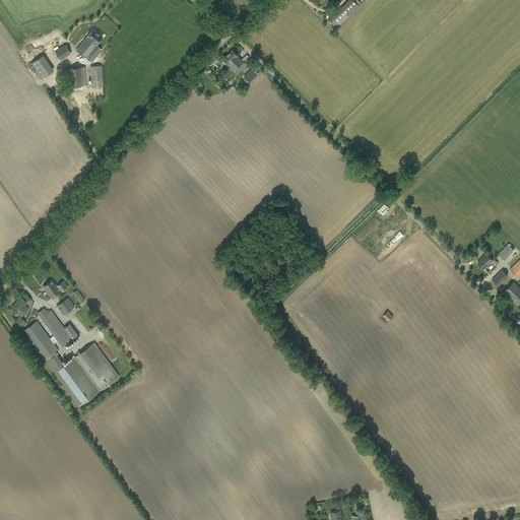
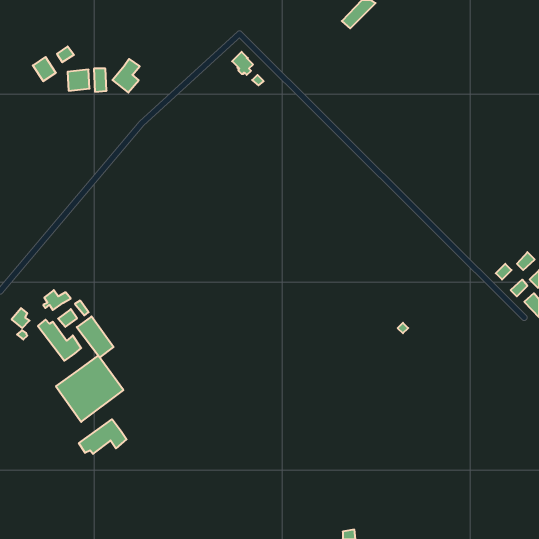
building: [76,29,103,62] -> [112,59,140,93]
building: [22,321,58,361] -> [77,316,114,358]
building: none -> [79,419,127,454]

